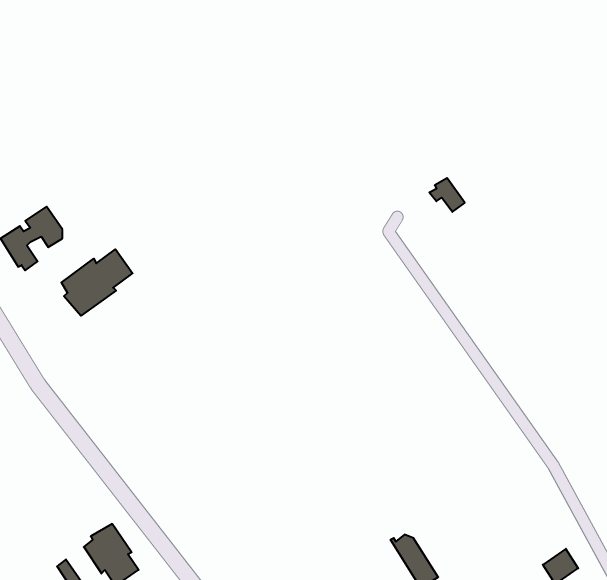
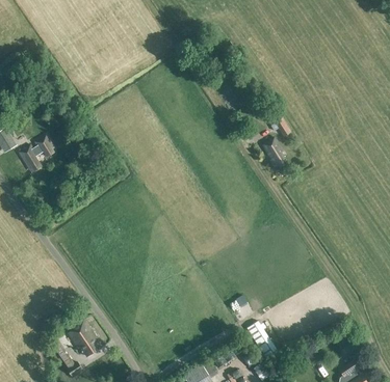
building: none -> [263,137,288,167]
building: [61,249,133,316] -> none

